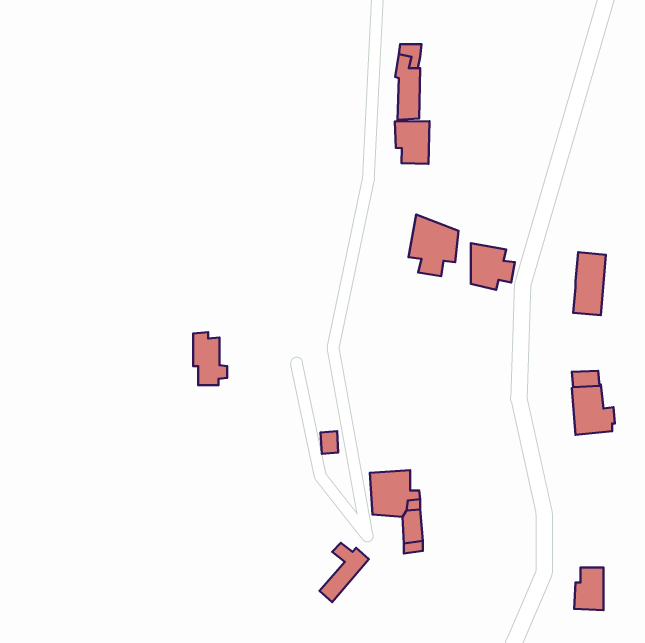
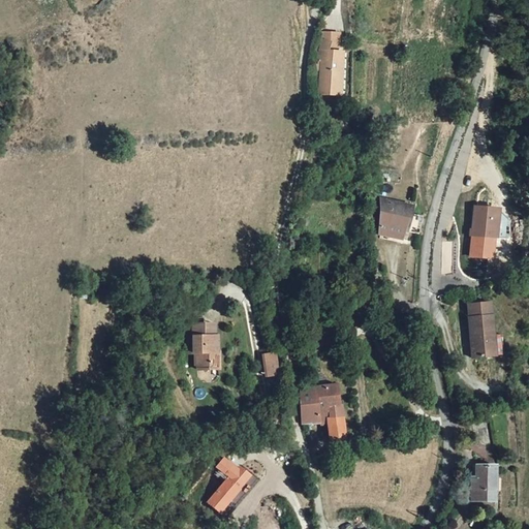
building: [395,121,429,164] -> none
building: [409,214,459,276] -> none
building: [193,332,227,385] -> [193,323,221,367]
building: [320,543,369,602] -> [209,461,249,509]

